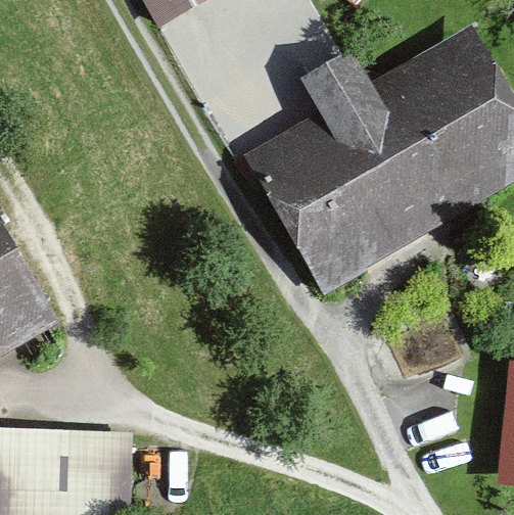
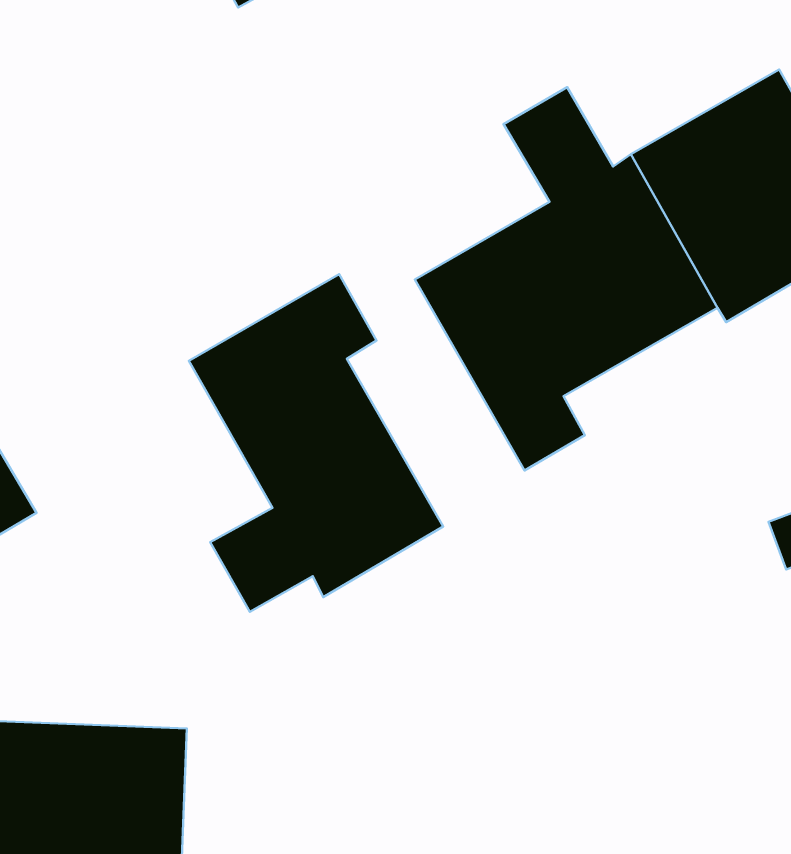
building: none -> [189,274,443,612]

